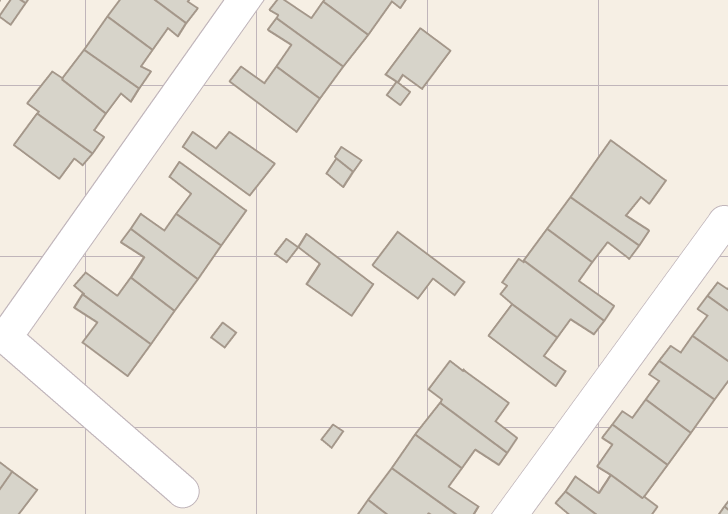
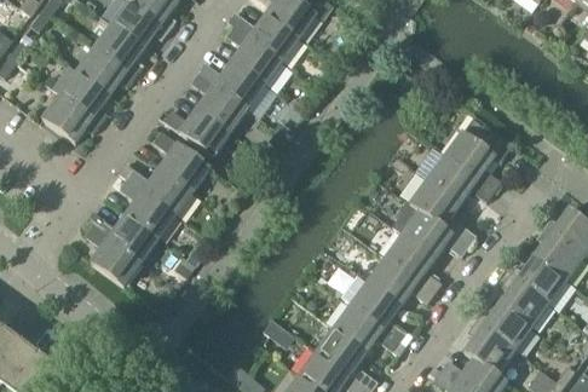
building: [385,28,450,89] -> none
building: [373,232,465,299] -> [367,256,433,305]
building: [298,234,373,316] -> [191,73,246,132]

